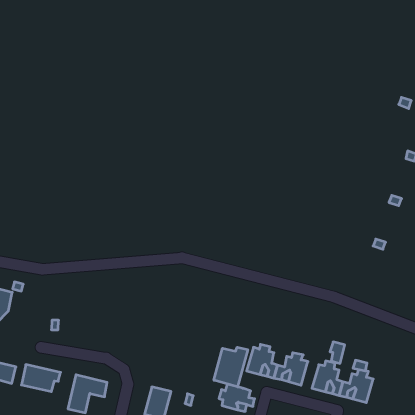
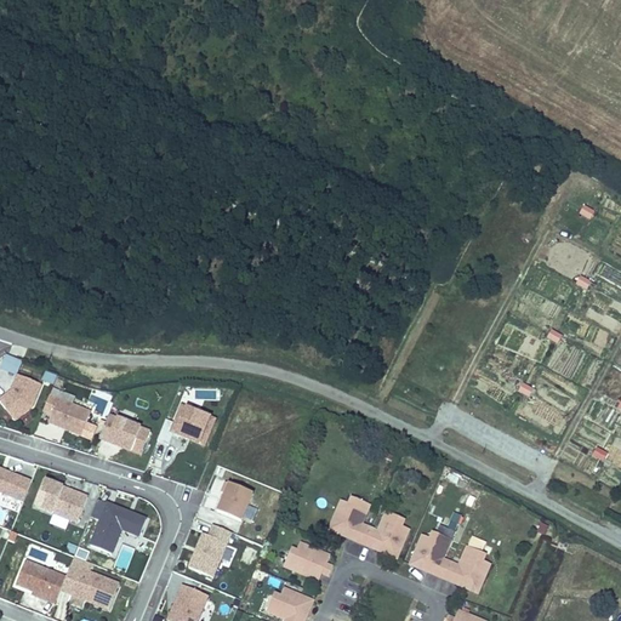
building: none -> [171,403,215,443]
building: none -> [47,395,90,432]
building: none -> [98,411,149,451]
building: none -> [217,478,252,518]
building: [214,347,248,387] -> none

